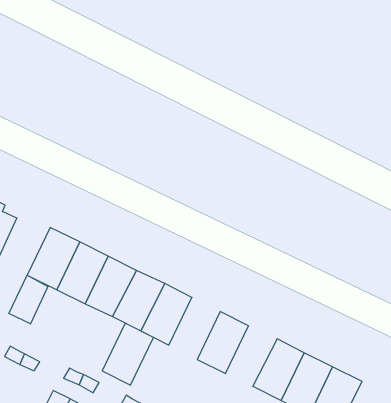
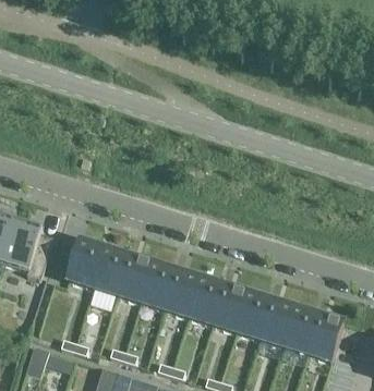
building: [9,275,48,324] -> none
building: [102,323,154,385] -> [188,277,224,325]
building: none -> [236,292,272,339]

